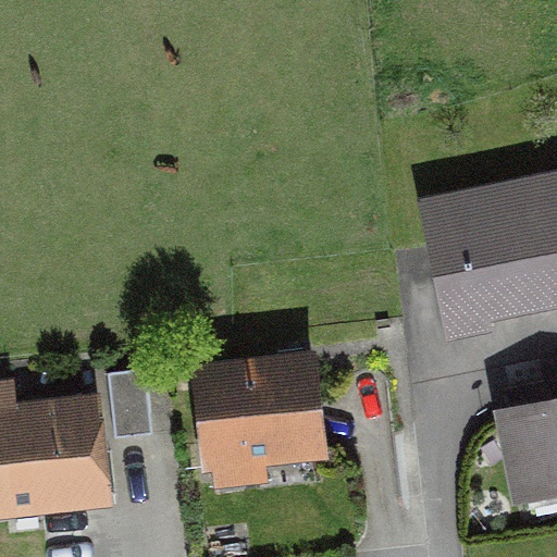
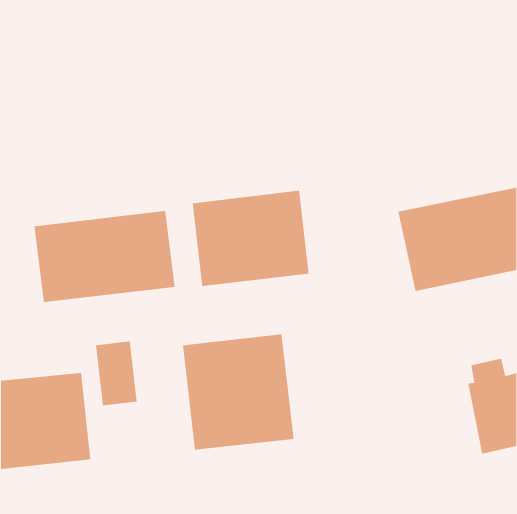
building: none -> [192,190,309,287]
building: none -> [34,210,175,303]

